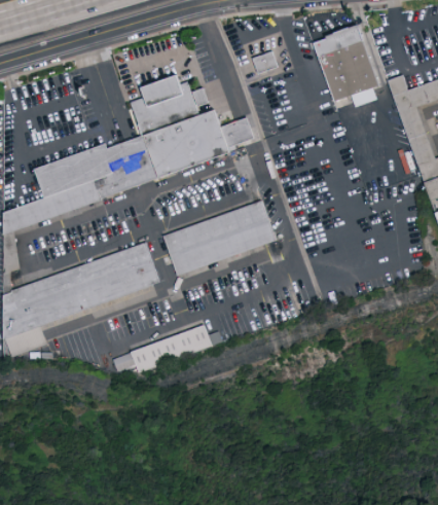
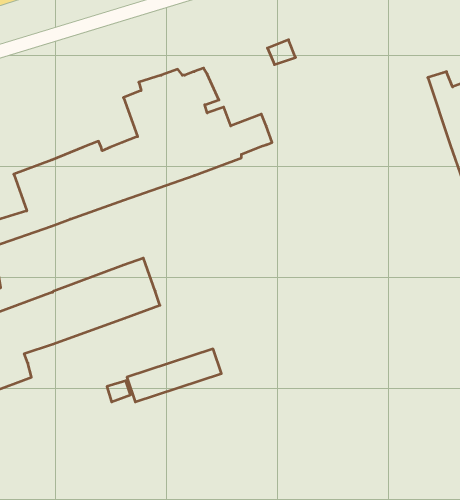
building: [312,27,380,103] -> none
building: [163,199,277,279] -> none

